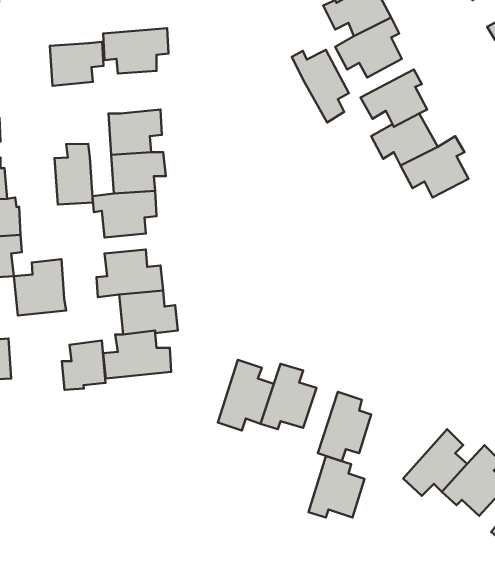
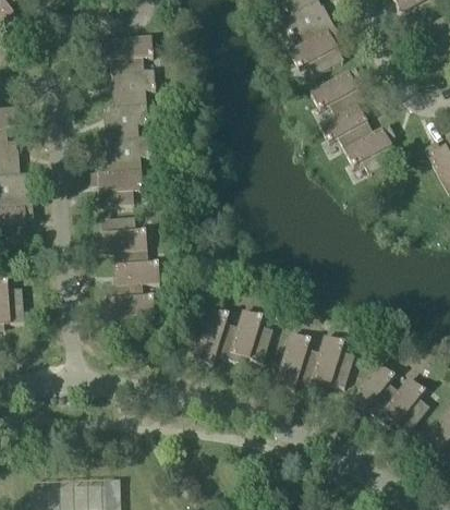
building: [50,42,103,86] -> [111,68,155,104]
building: [292,50,349,122] -> none
building: [55,144,93,205] -> none
building: [14,259,66,315] -> none
building: [62,340,106,390] -> none
building: [309,456,365,517] -> [308,336,354,386]

